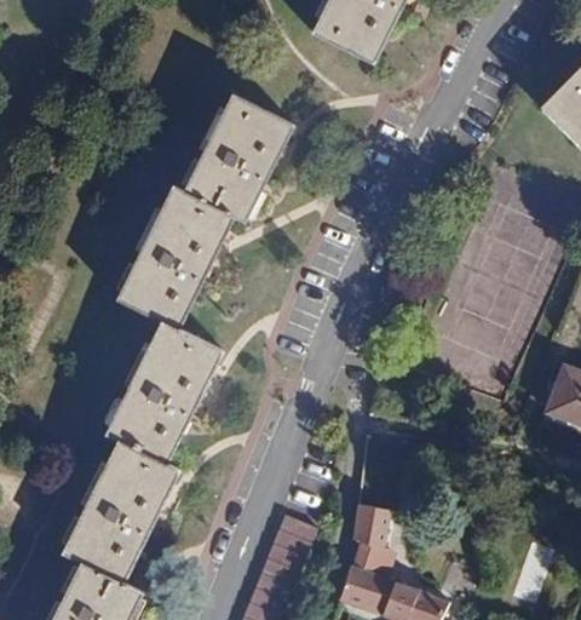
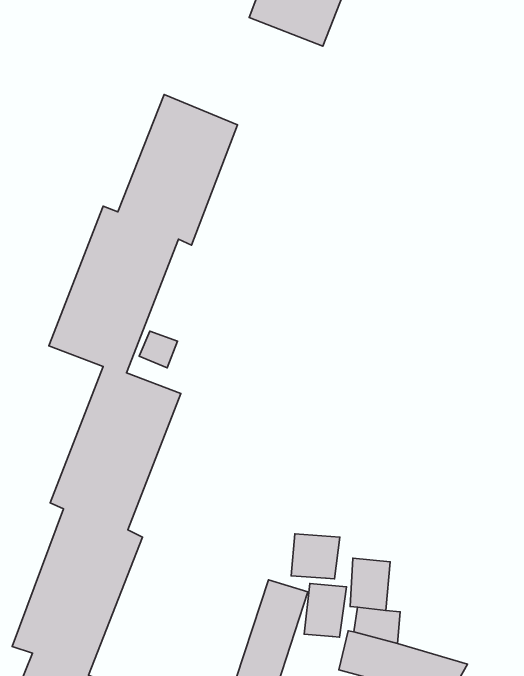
building: none -> [291,534,340,579]
building: none -> [304,584,346,637]

